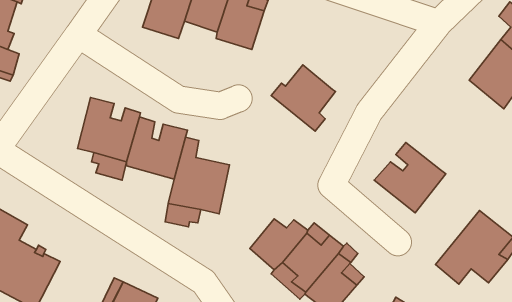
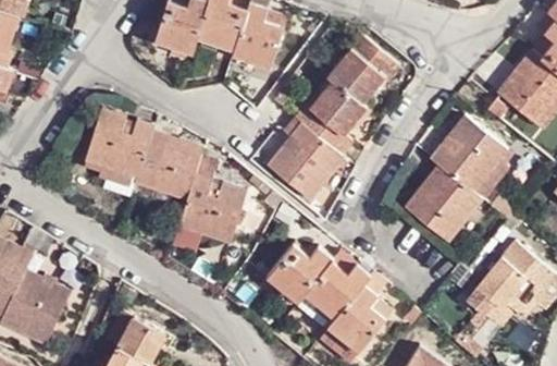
building: none -> [323,34,396,109]
building: none -> [428,114,508,195]
building: none -> [264,115,338,198]

